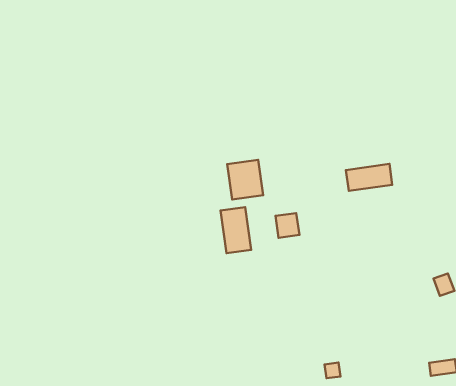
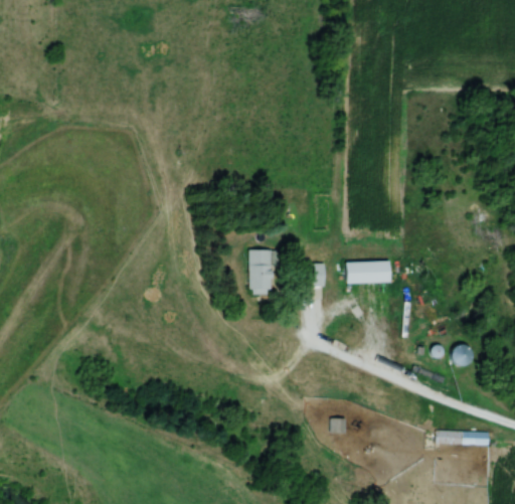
building: [227,160,263,200] -> none
building: [346,164,392,191] -> [346,262,390,283]

